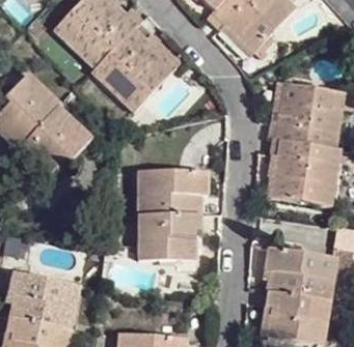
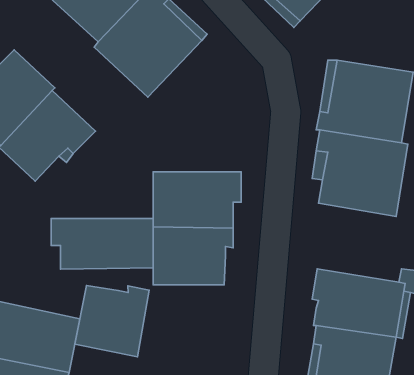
building: none -> [51,219,153,269]
building: none -> [75,285,149,357]

